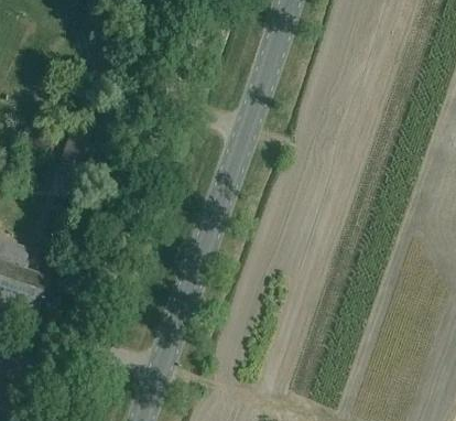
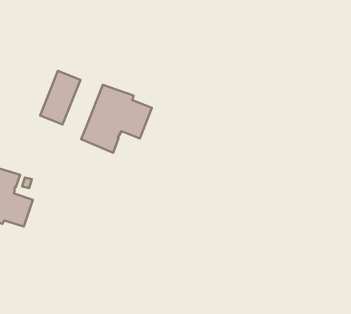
building: none -> [81,85,152,153]

